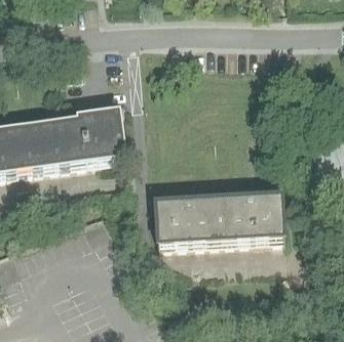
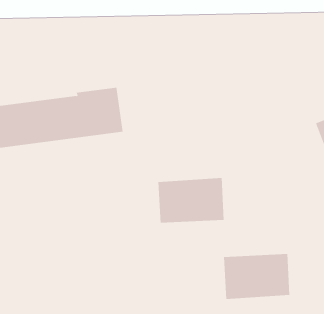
building: [218,202,282,246] -> [223,254,290,299]

